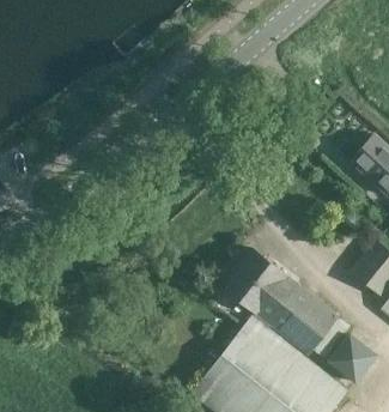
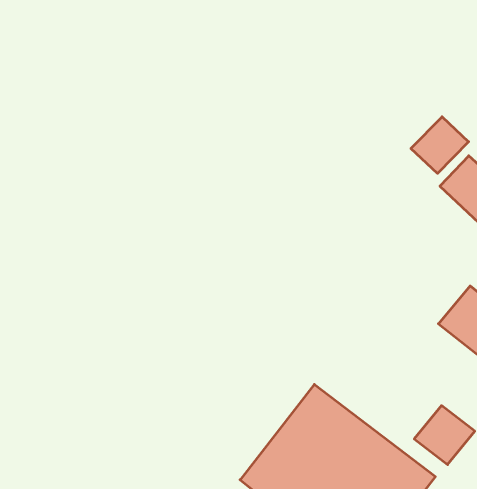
building: none -> [411,117,469,173]
building: [223,248,339,355] -> none

